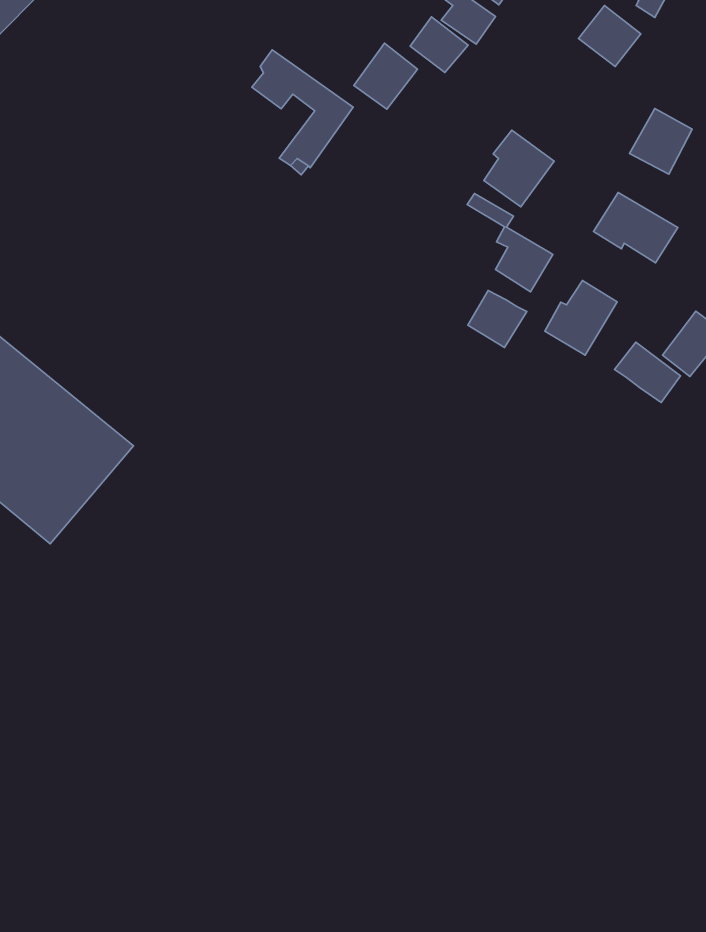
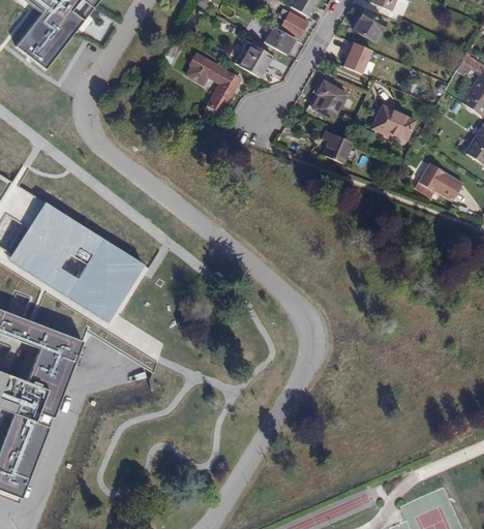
building: [630,109,692,174] -> [344,41,375,74]
building: [545,281,617,355] -> none
building: [468,291,527,347] -> none
building: [615,342,681,402] -> none

